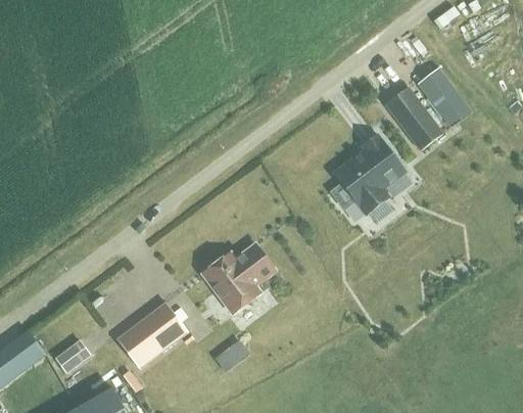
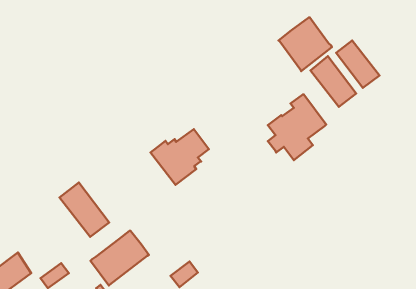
building: none -> [279,18,332,71]
building: none -> [60,182,109,237]
building: [203,244,275,313] -> [150,129,209,185]

